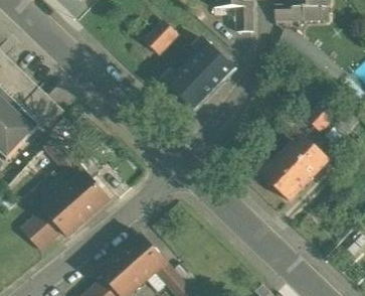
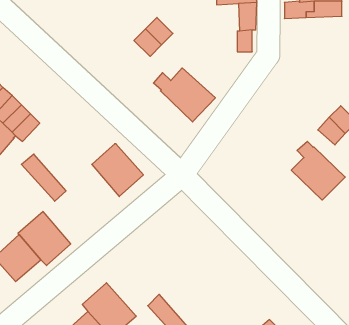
building: [186,35,235,89] -> none
building: [256,152,309,199] -> none
building: [64,170,110,216] -> [92,144,143,197]
building: [120,232,167,280] -> none

